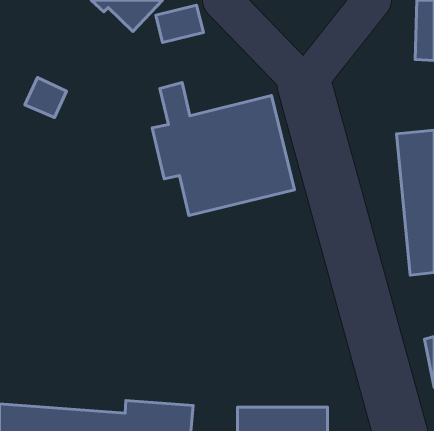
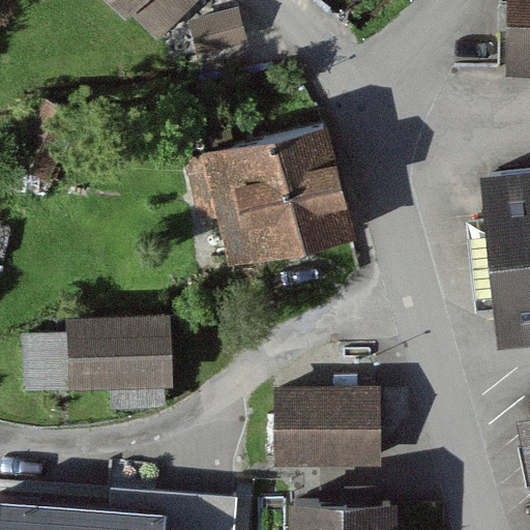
building: none -> [22,314,176,410]
building: none -> [274,386,383,469]

